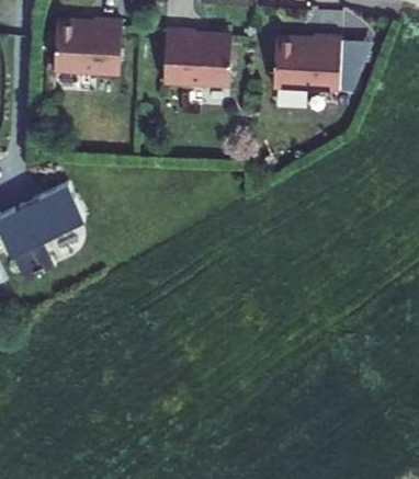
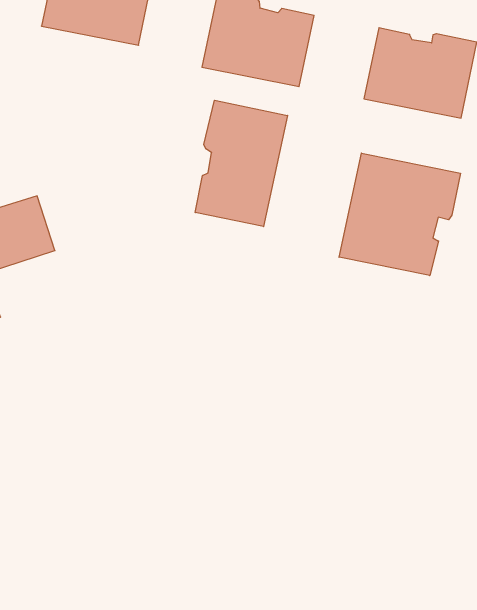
building: none -> [195,100,288,227]
building: none -> [339,153,460,276]

